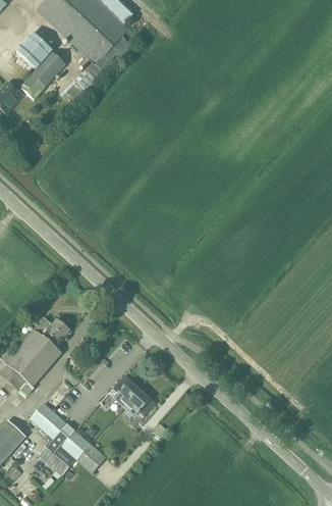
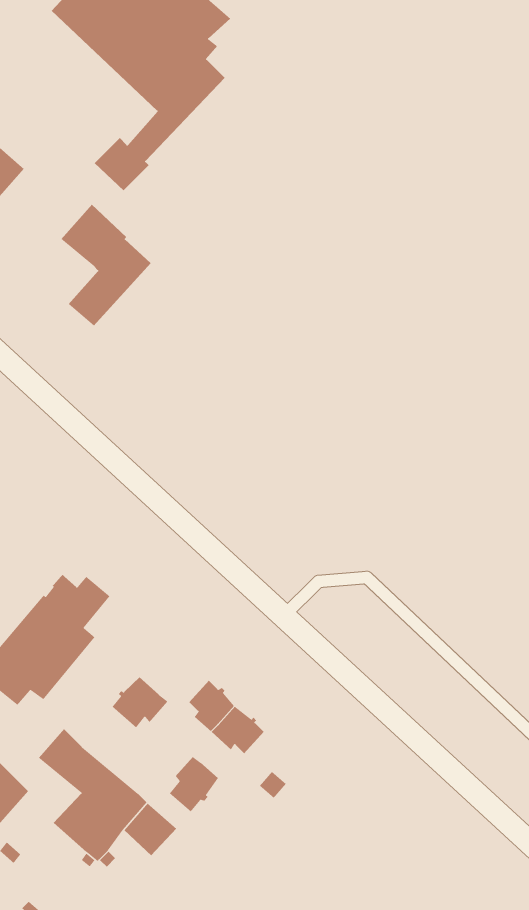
building: [15,32,65,99] -> [60,204,151,326]
building: none -> [112,676,168,728]
building: none -> [169,756,219,813]

